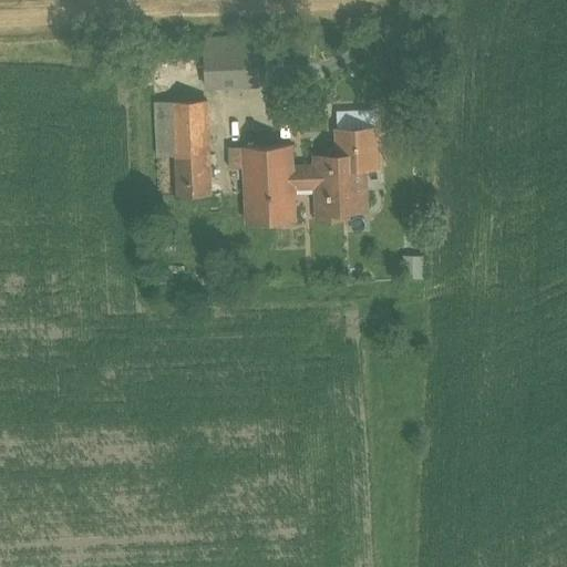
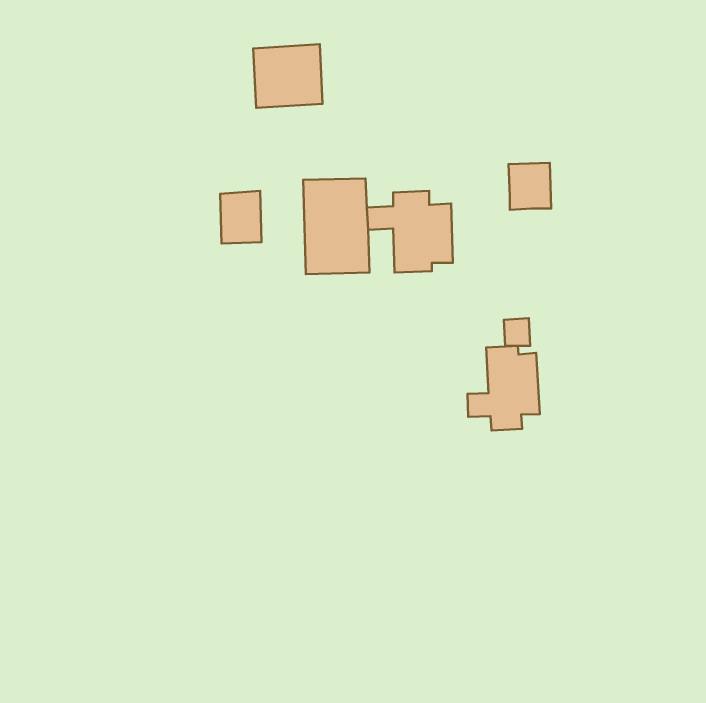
building: [155,103,208,159] -> none
building: [342,130,377,167] -> [508,163,551,210]
building: none -> [467,346,540,430]

